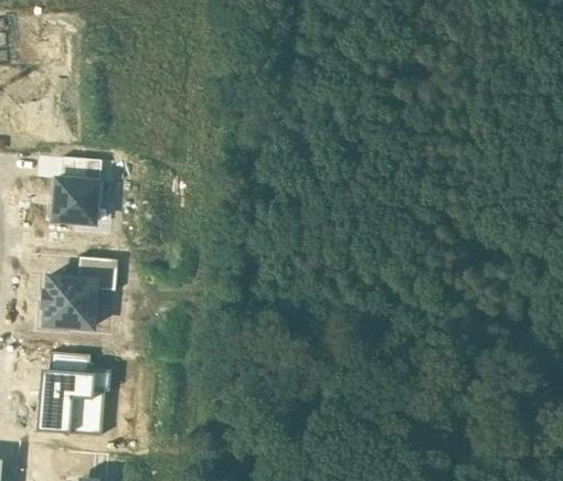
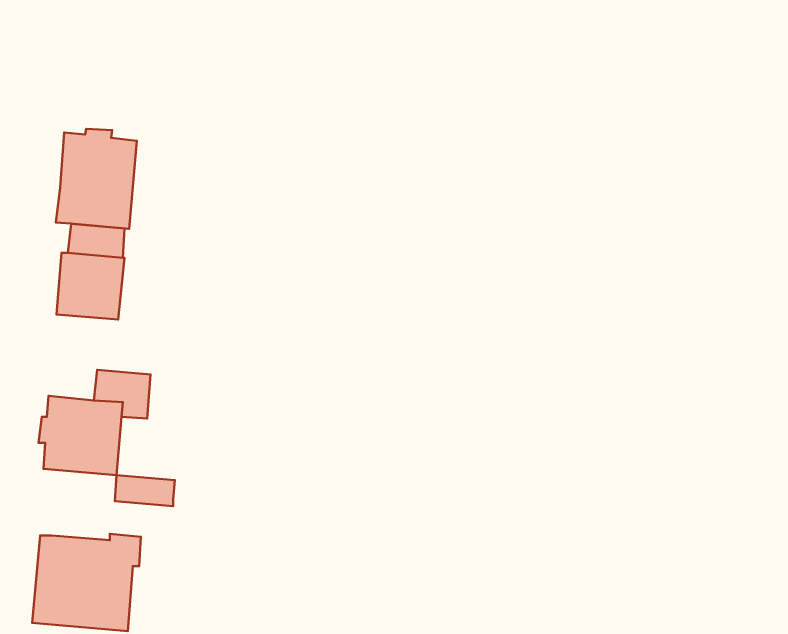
building: none -> [56,129,137,229]
building: [50,353,91,374] -> [115,475,175,506]

